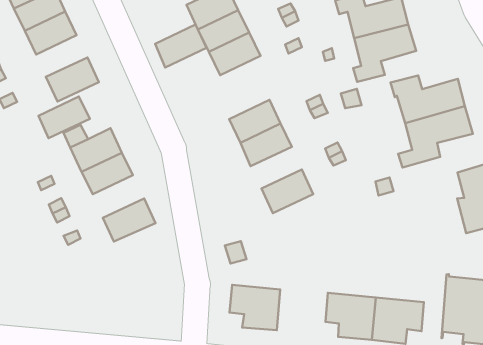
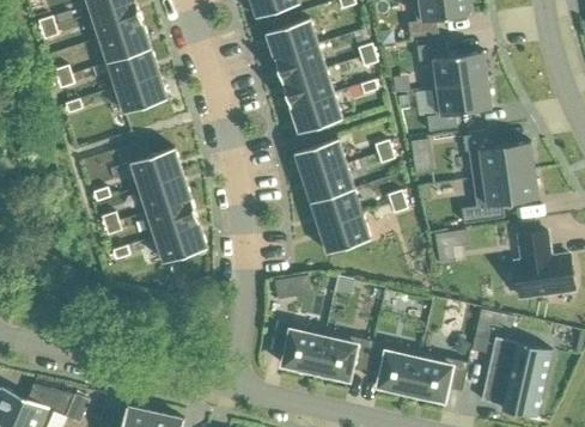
building: [155,24,207,67] -> [291,94,342,134]
building: [39,97,90,138] -> [108,50,159,89]
building: none -> [310,190,361,228]
building: none -> [147,199,199,238]
building: none -> [316,333,372,382]

